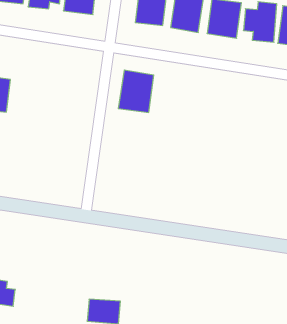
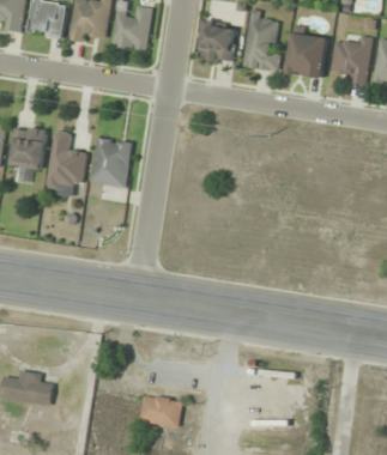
building: [118,70,154,112] -> [90,136,133,188]
building: none -> [46,131,89,194]

